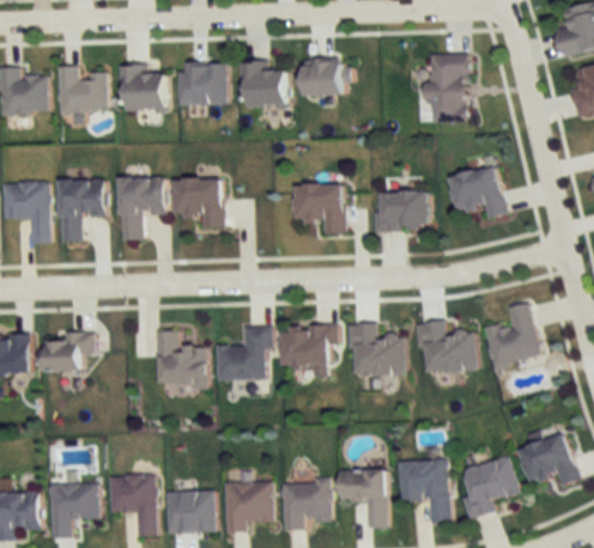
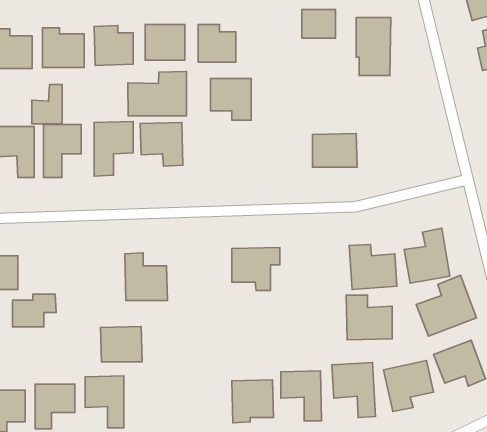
building: [303,61,343,95] -> [302,10,335,38]
building: none -> [128,72,186,116]
building: none -> [32,85,62,124]
building: [449,166,505,218] -> none
building: [296,184,344,233] -> [210,78,251,120]
building: [351,323,405,376] -> [346,295,392,340]
building: [217,325,271,379] -> none
building: [42,333,93,371] -> [12,294,56,327]
building: none -> [416,275,477,336]
building: [224,482,272,531] -> none
building: [165,491,214,532] -> [100,326,142,362]

